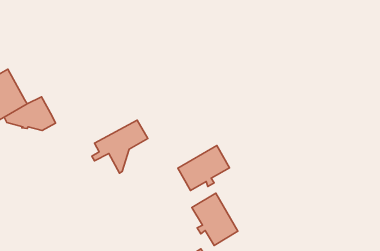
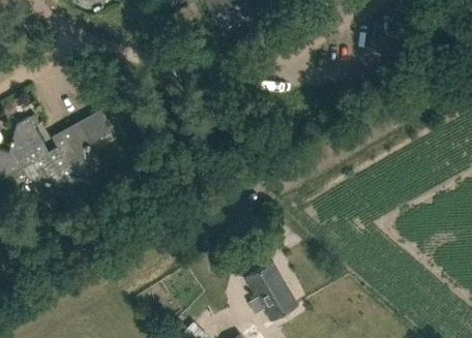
building: [92,120,148,173] -> [49,109,114,171]
building: [178,145,230,191] -> none

